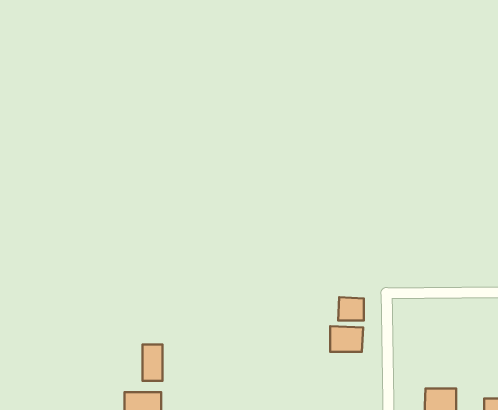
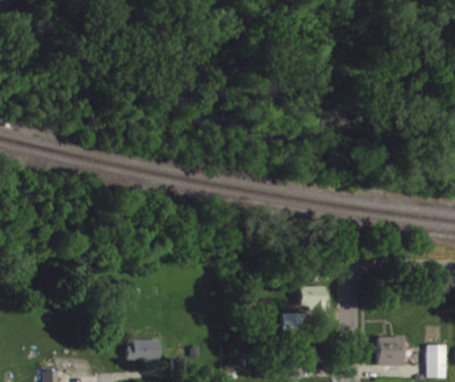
building: [338,297,364,320] -> [282,312,303,331]
building: [142,344,162,381] -> none

